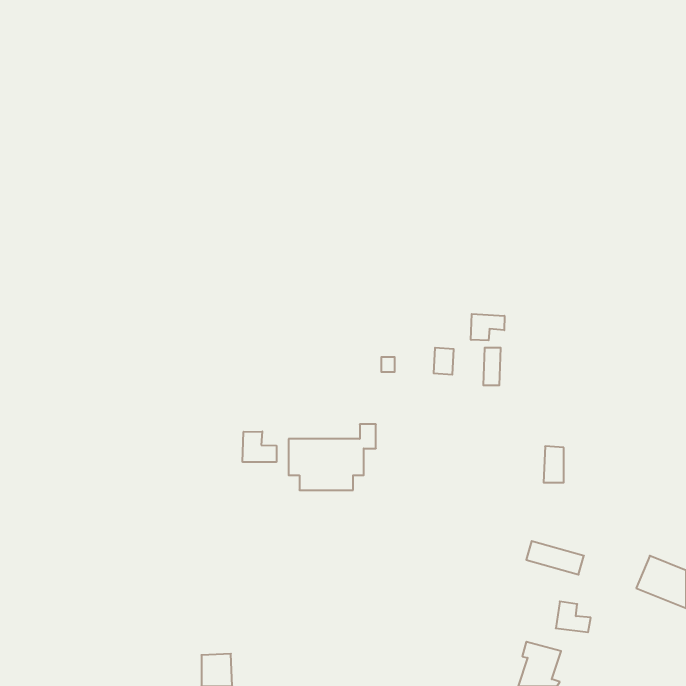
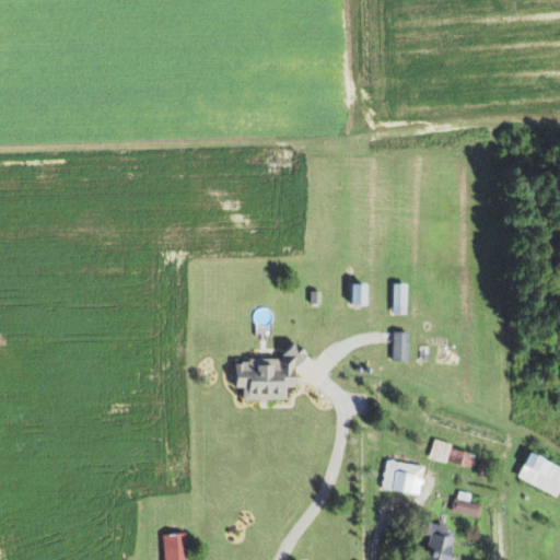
building: [471,314,504,340] -> none
building: [243,431,276,462] -> none
building: [544,446,564,483] -> [393,331,409,361]
building: none -> [382,459,424,494]

